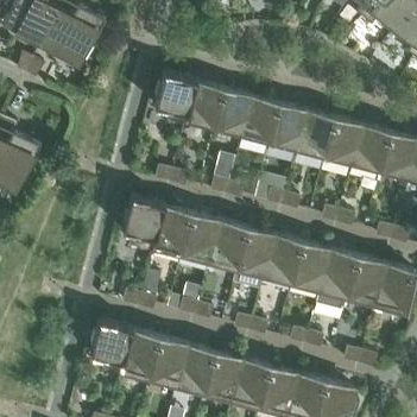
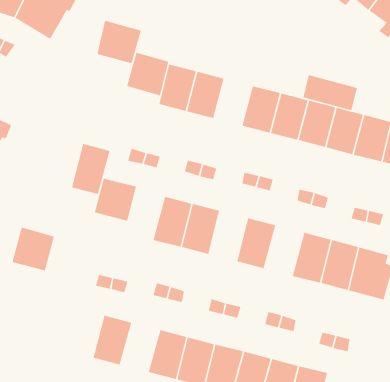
building: none -> [97,20,142,64]
building: none -> [302,74,358,111]
building: [240,96,278,144] -> none
building: [152,203,191,257] -> [71,141,111,195]
building: [232,227,273,289] -> none
building: [290,241,329,292] -> none
building: [89,318,132,373] -> [11,226,55,282]
building: [147,337,187,387] -> none

